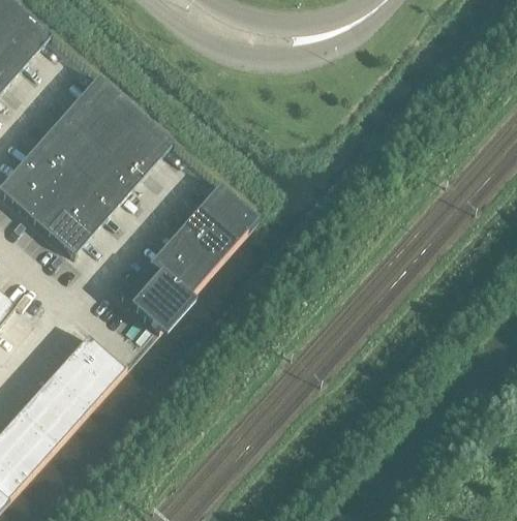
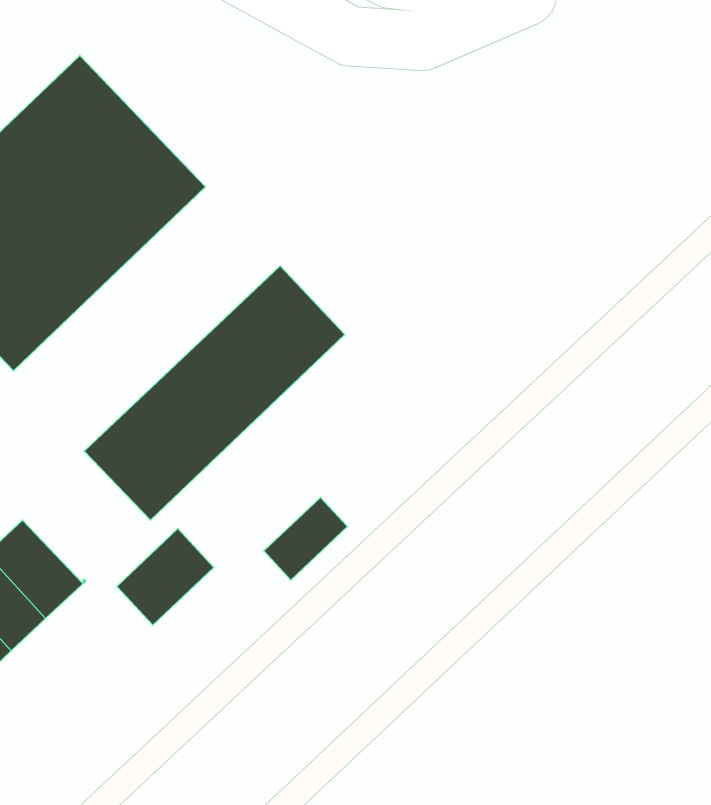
building: none -> [264,497,347,580]
building: none -> [117,529,214,625]

